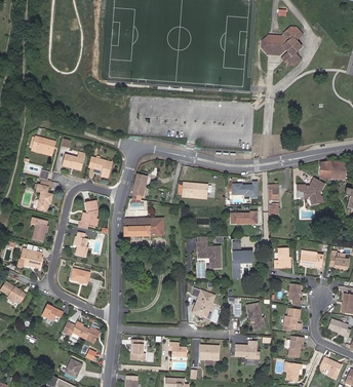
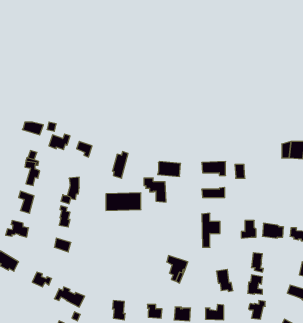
building: [262,29,303,69] -> none
building: [298,179,325,206] -> none
building: [198,242,223,269] -> [144,178,166,202]

